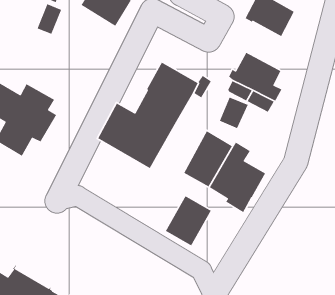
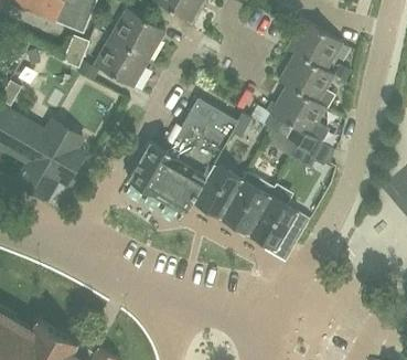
building: none -> [94,36,148,87]
building: none -> [280,54,334,103]
building: [165,195,212,246] -> [192,162,243,218]

